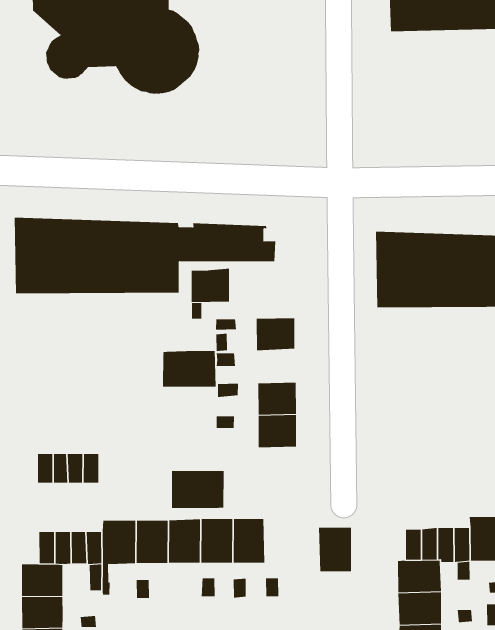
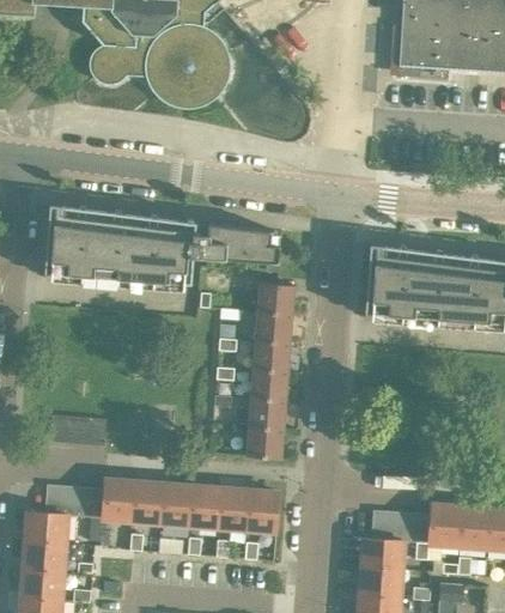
building: [191,268,230,303] -> [257,284,294,315]
building: none -> [254,341,290,372]
building: [163,350,216,387] -> none
building: none -> [248,427,284,460]
building: [171,470,224,509] -> none
building: [318,527,352,572] -> [247,491,279,533]

